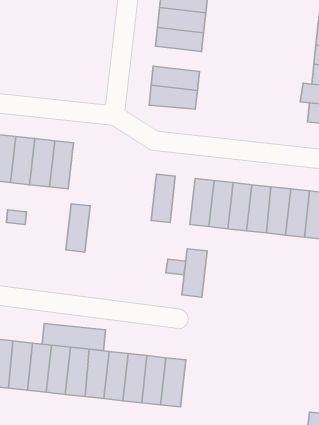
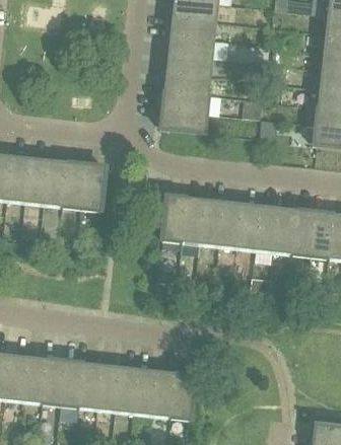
building: none -> [163,71,210,95]
building: [66,204,90,252] -> [81,164,105,211]
building: [182,249,207,297] -> [180,197,204,243]
building: [42,323,106,351] -> none

